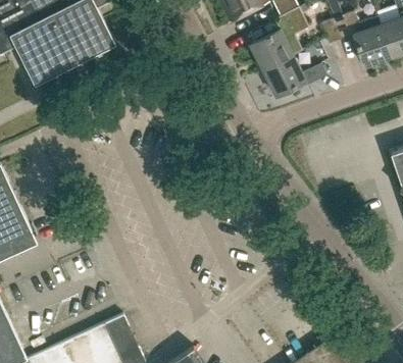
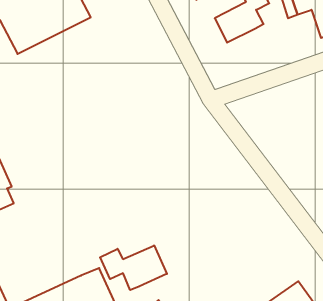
building: [262,56,326,96] -> none
building: none -> [100,245,167,290]

